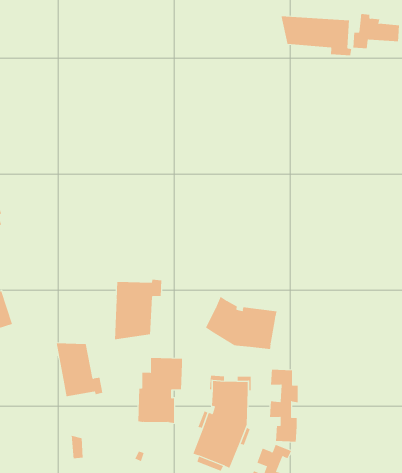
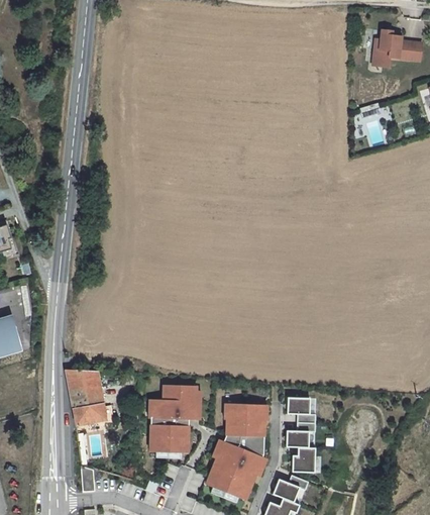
building: [281,15,352,56] -> none
building: [115,279,162,340] -> none
building: [205,296,277,350] -> none

